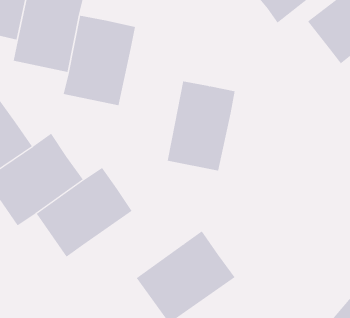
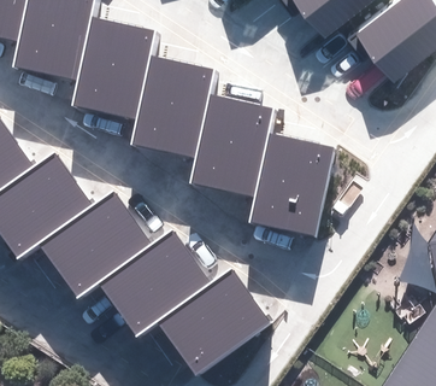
building: none -> [137,58,222,163]
building: none -> [253,133,336,238]
building: none -> [101,232,217,339]

